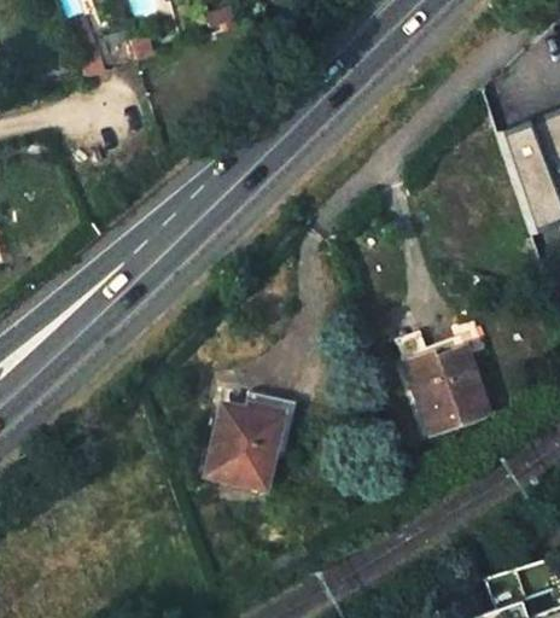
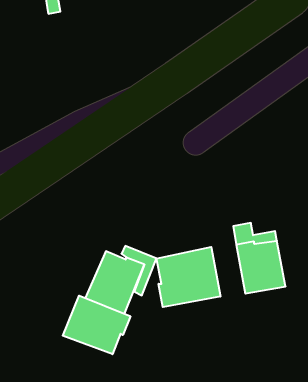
building: none -> [156,247,220,307]
building: none -> [63,296,130,354]

